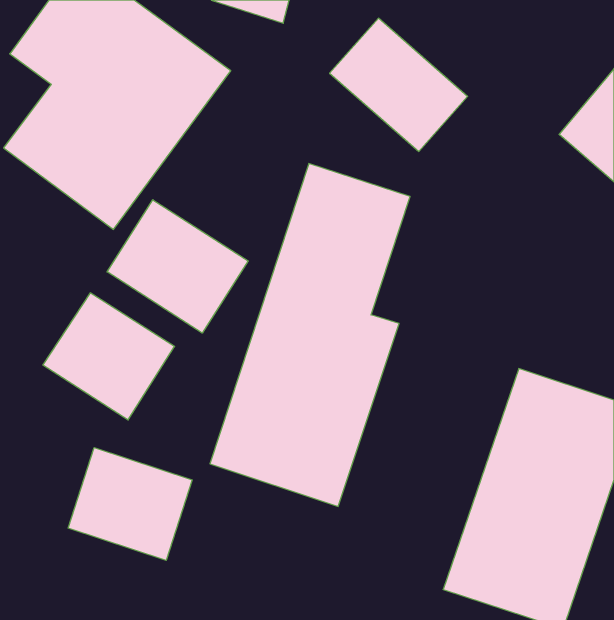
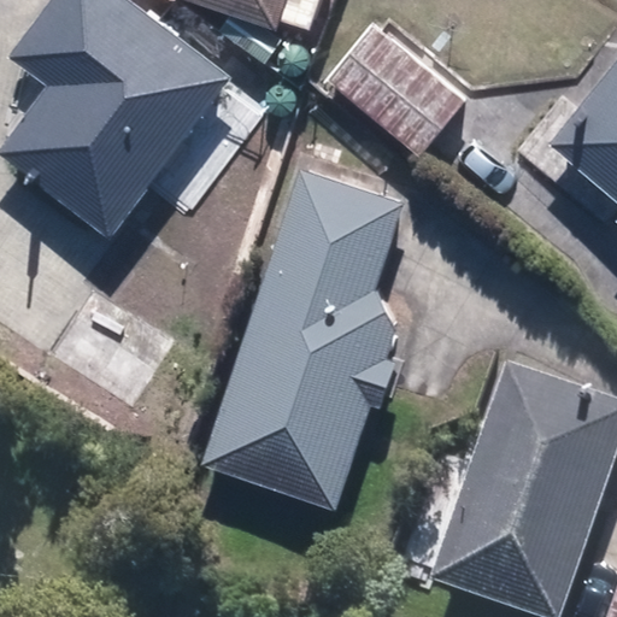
building: [107,200,248,333] -> none
building: [68,448,192,560] -> none

